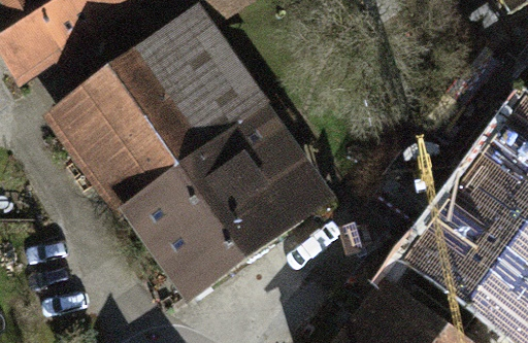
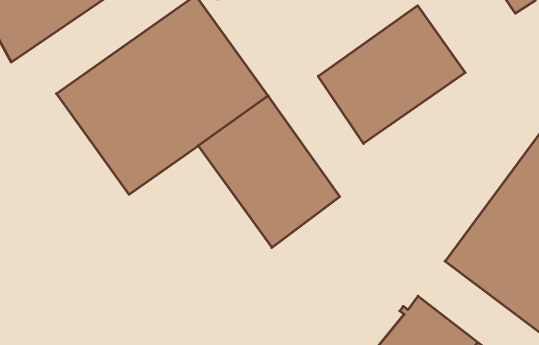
building: none -> [318,6,465,144]
building: [125,157,255,295] -> none

